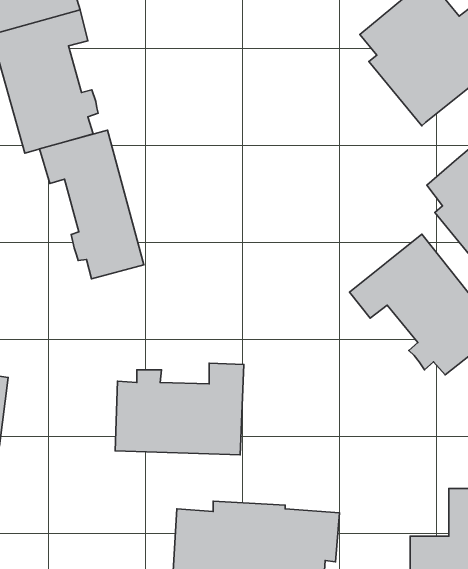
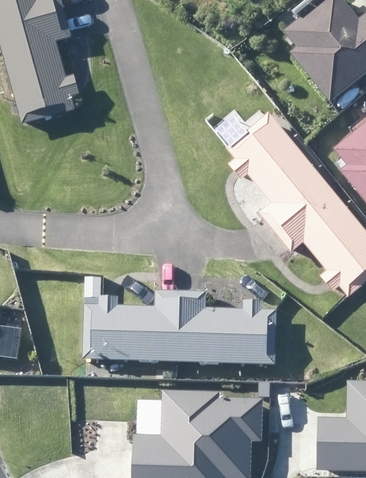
building: [40,130,144,279] -> none
building: none -> [224,111,329,232]
building: none -> [188,288,286,361]

